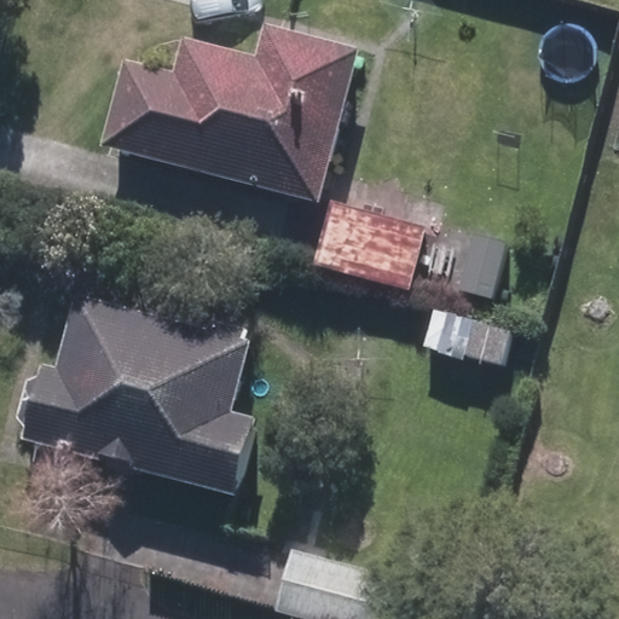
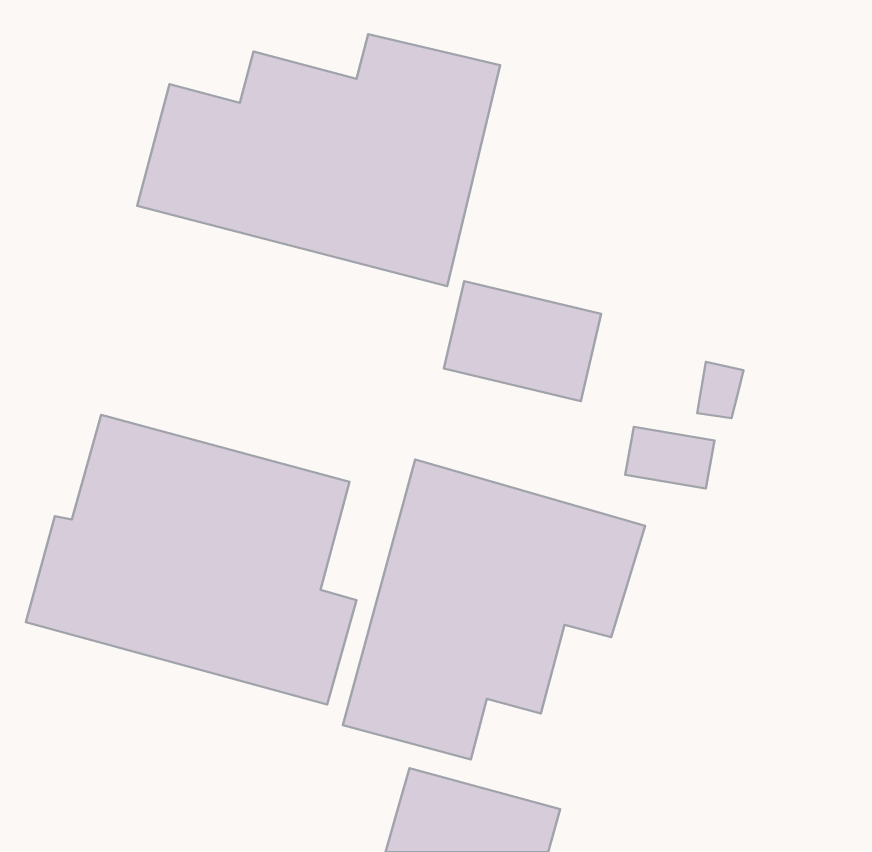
building: none -> [343,459,645,759]

